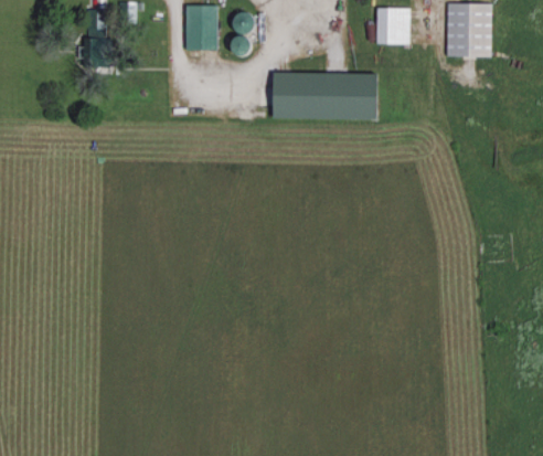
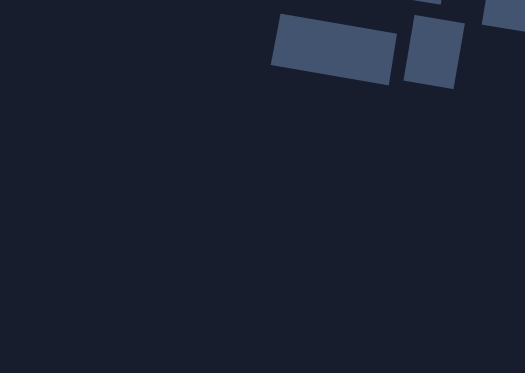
building: none -> [403,14,465,90]

